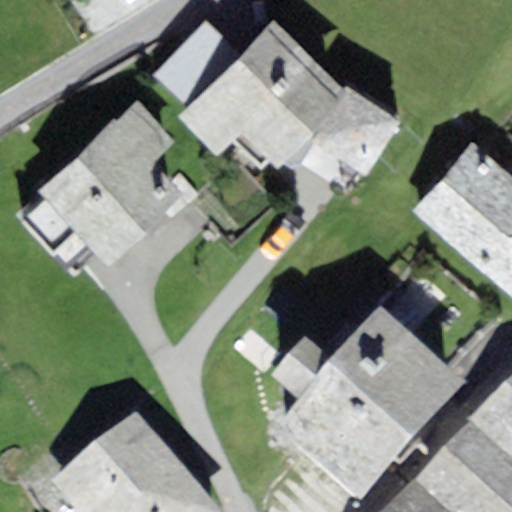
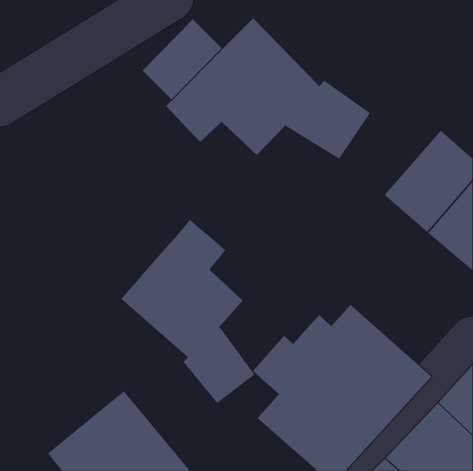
building: [39,99,198,265] -> none
building: none -> [121,219,255,404]

